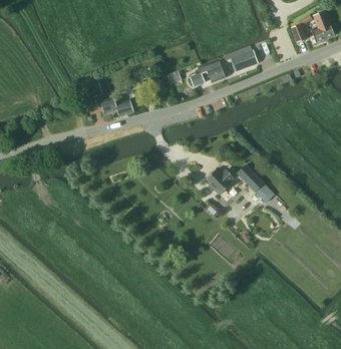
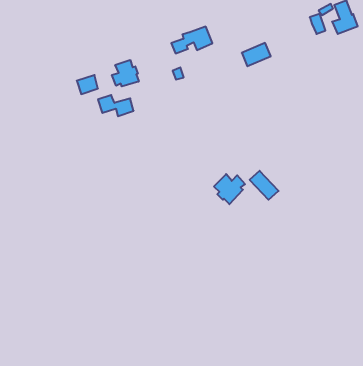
building: [190,61,227,85] -> [171,27,212,53]
building: none -> [112,60,139,86]

